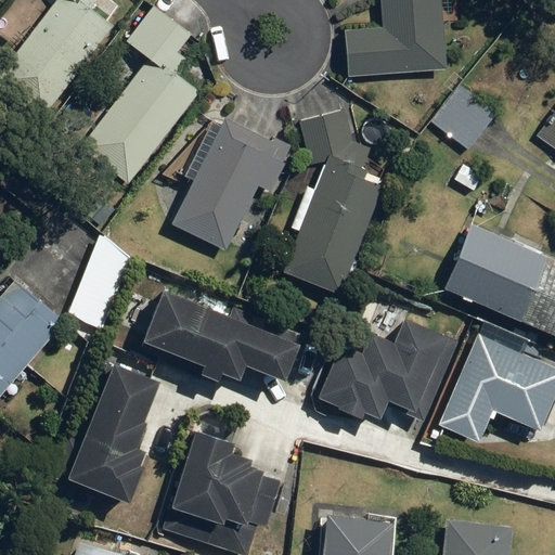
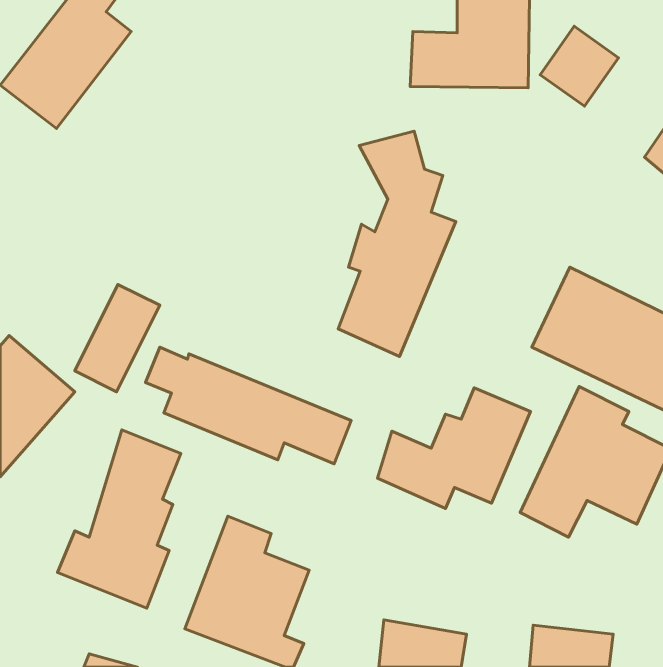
building: [86,7,199,177] -> none
building: [435,83,500,150] -> [540,26,619,106]
building: [175,119,286,249] -> none

